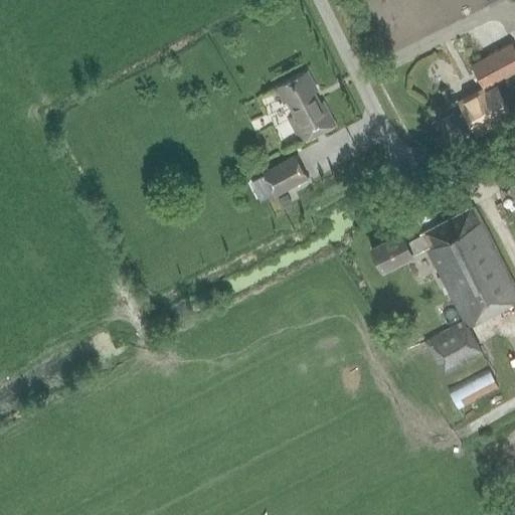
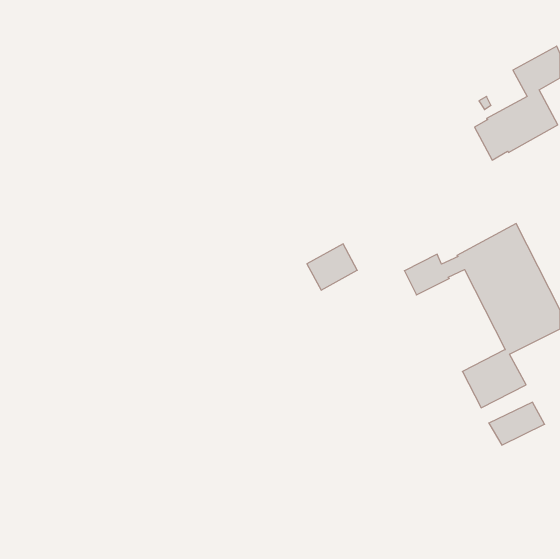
building: [276,72,335,144] -> none
building: [262,155,308,197] -> [307,244,357,290]

